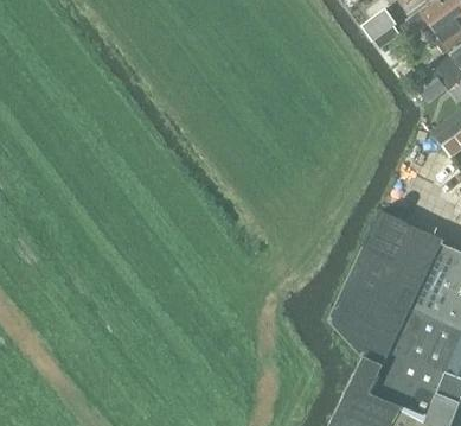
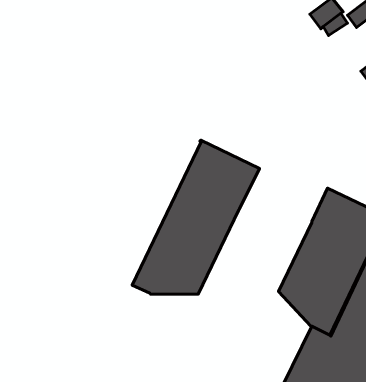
building: none -> [132,140,260,294]

